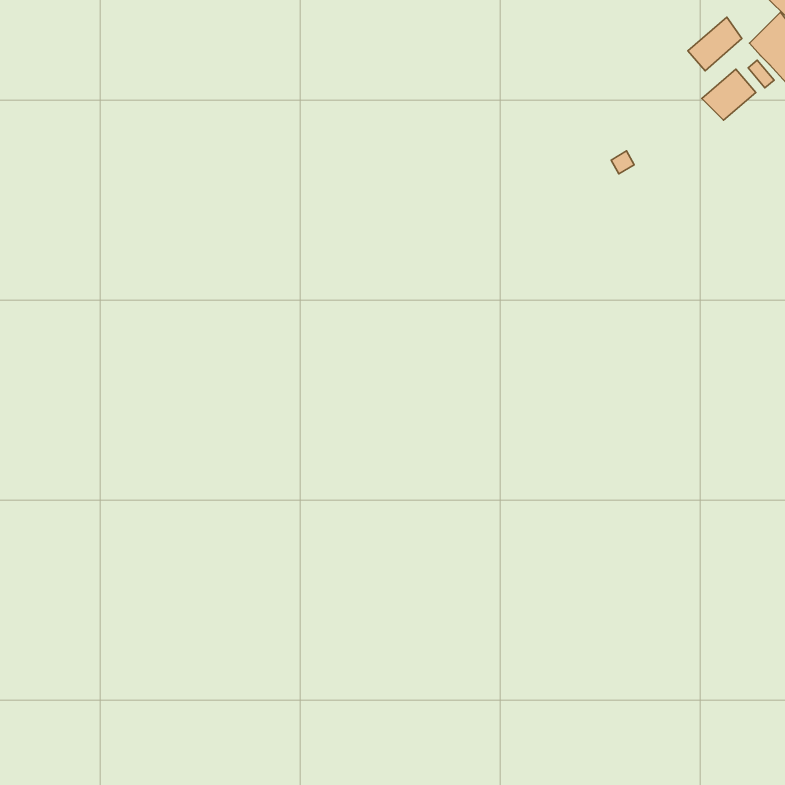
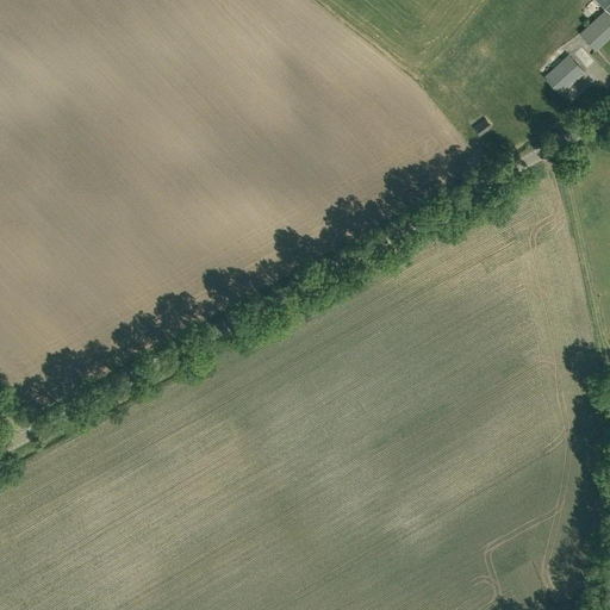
building: [688,17,742,71] -> none

